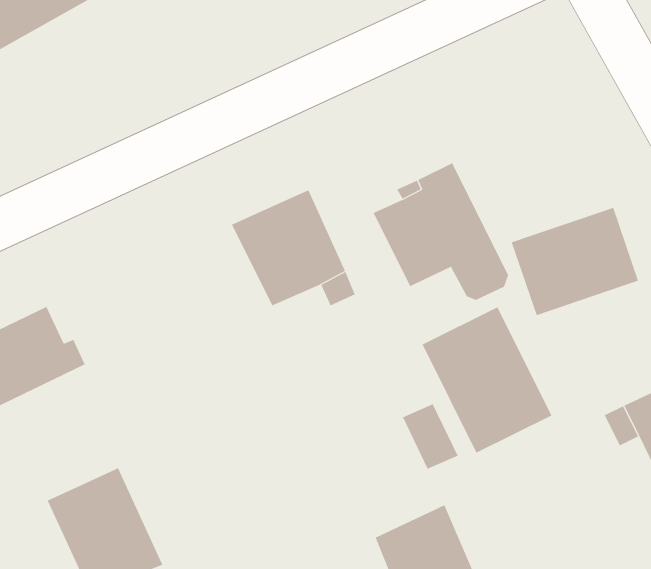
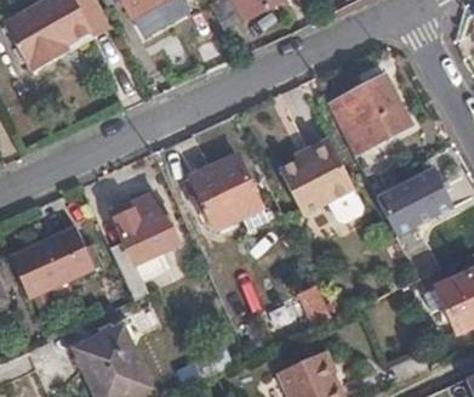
building: none -> [329,75,410,153]
building: none -> [110,192,178,300]
building: [422,307,552,454] -> none

